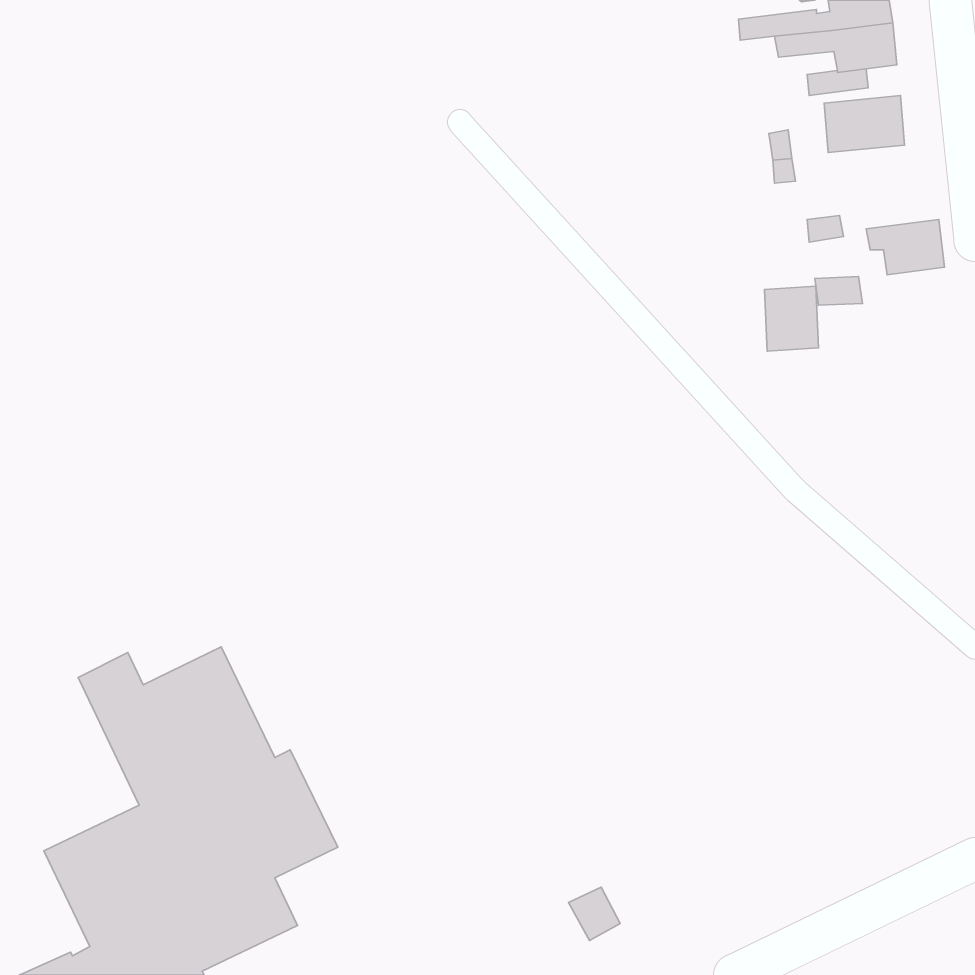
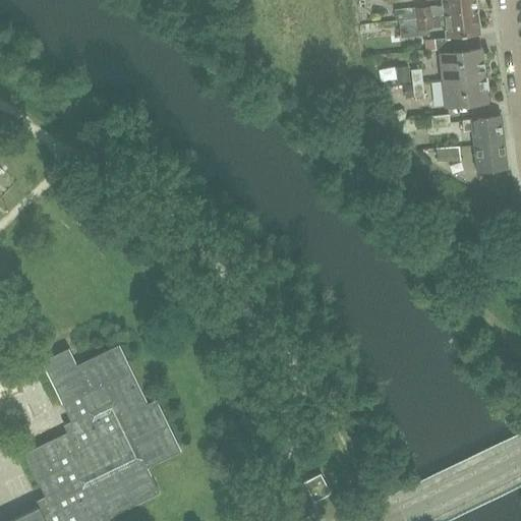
building: none -> [442,77,485,108]
building: none -> [473,142,507,173]
building: [764,286,819,351] -> none

